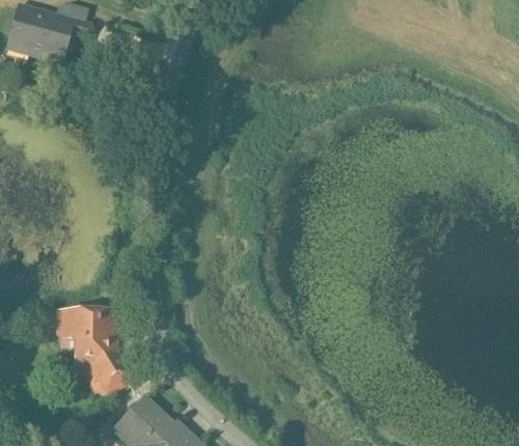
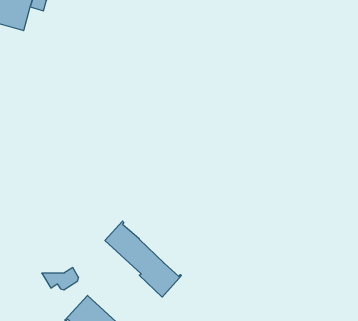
building: none -> [105,221,181,297]
building: [58,308,117,352] -> none

